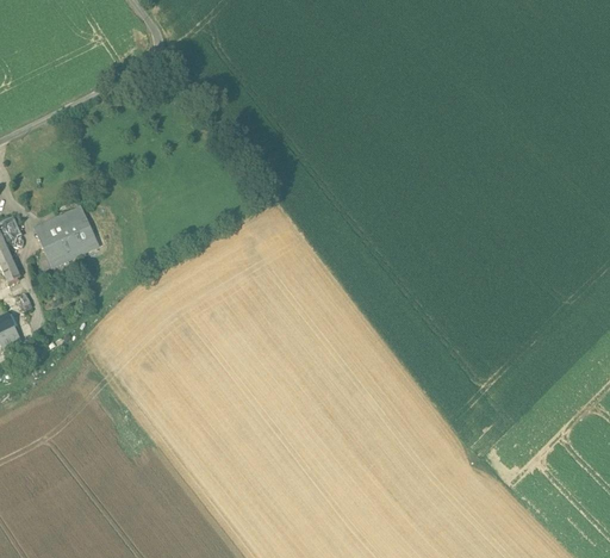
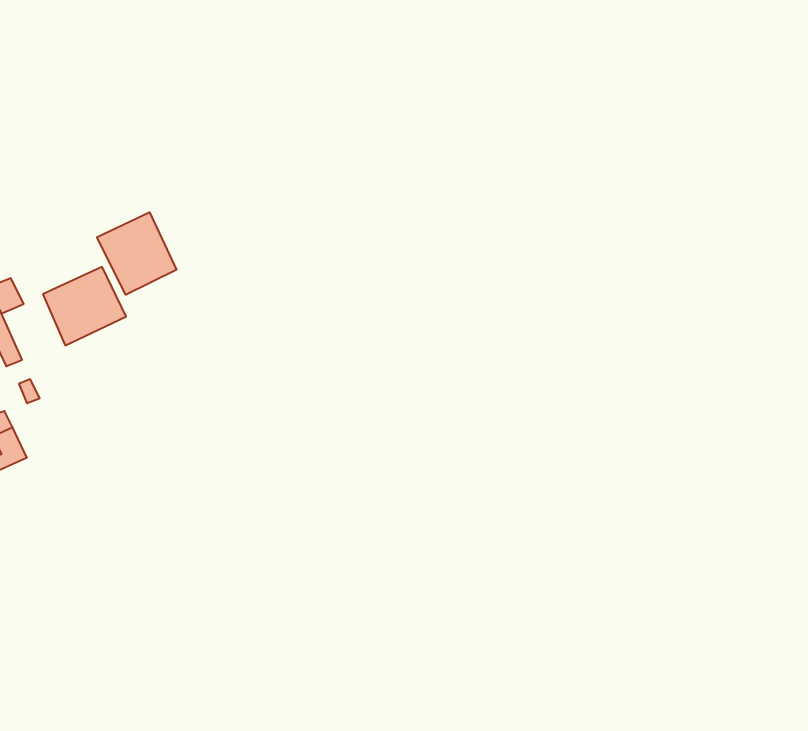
building: none -> [97,212,176,295]

